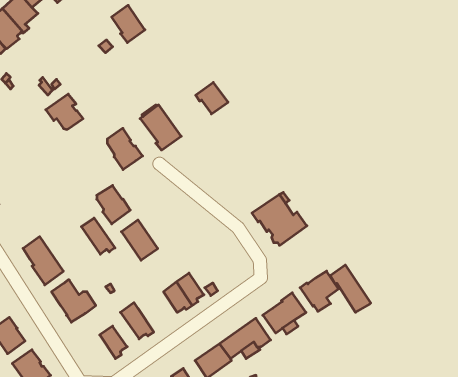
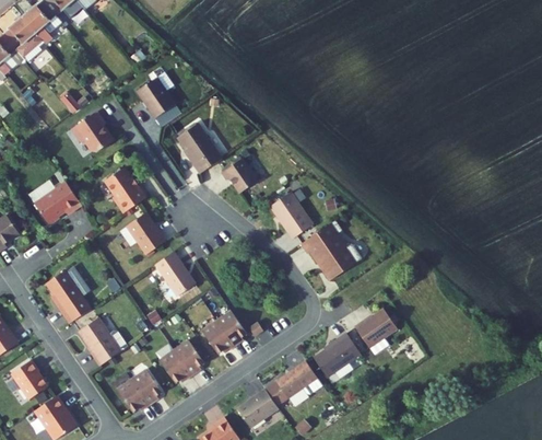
building: [112,5,145,43] -> [138,76,175,117]
building: [196,82,228,114] -> [222,158,258,193]
building: [107,128,143,170] -> [106,166,145,212]
building: none -> [34,181,82,223]
building: none -> [270,190,314,238]
building: [81,218,115,254] -> none
building: [330,265,371,312] -> none
building: none -> [174,339,203,375]
building: none -> [116,379,149,413]

